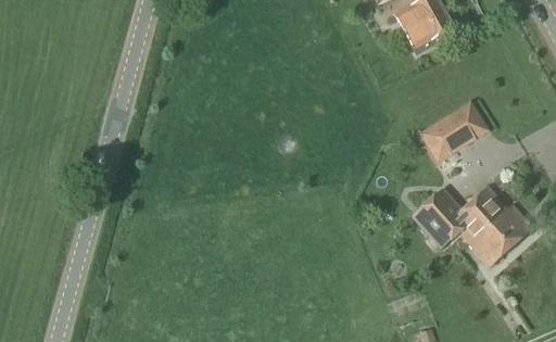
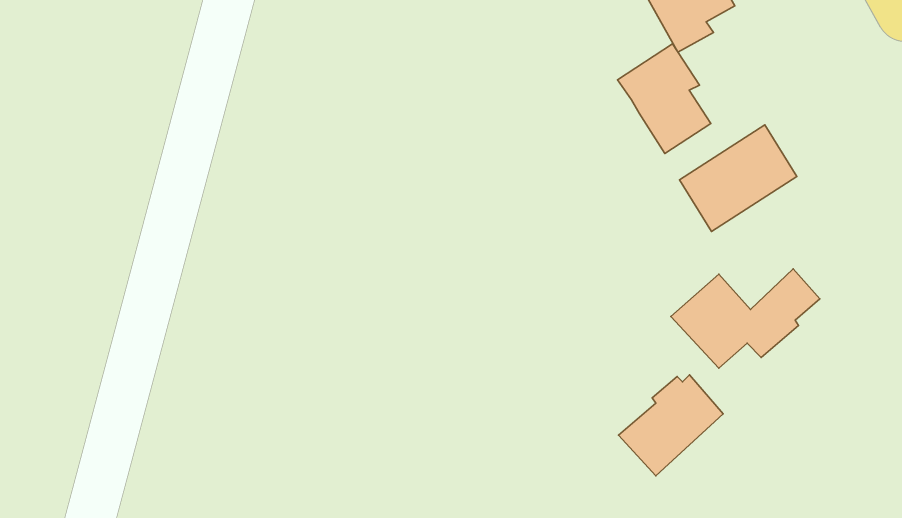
building: none -> [618,44,711,153]
building: [468,203,532,265] -> [618,375,723,476]

